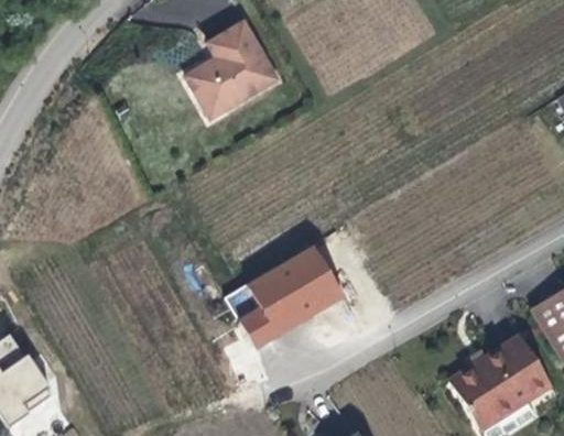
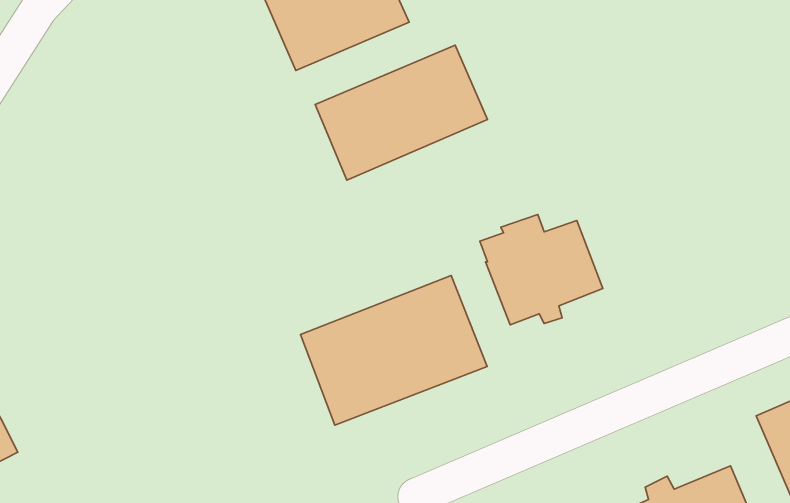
building: none -> [315,45,488,180]
building: none -> [480,214,603,325]

